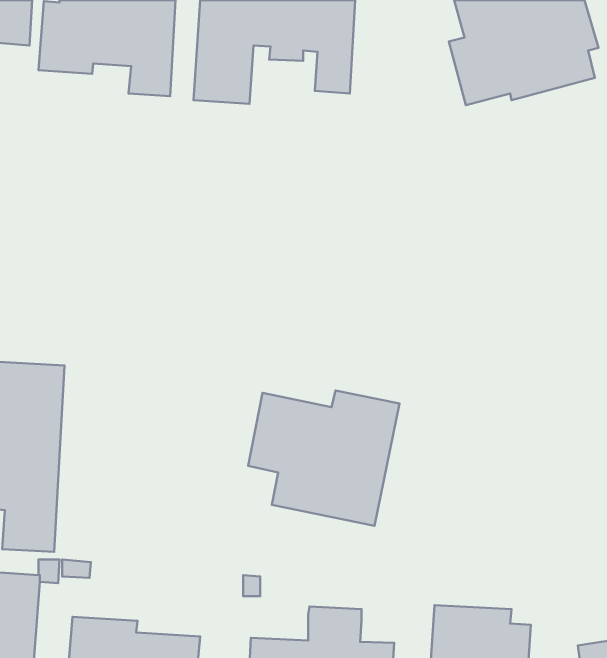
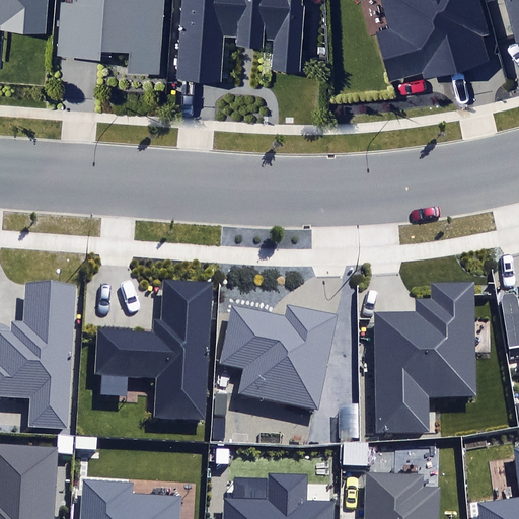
building: none -> [96,279,213,421]
building: none -> [373,282,476,432]

